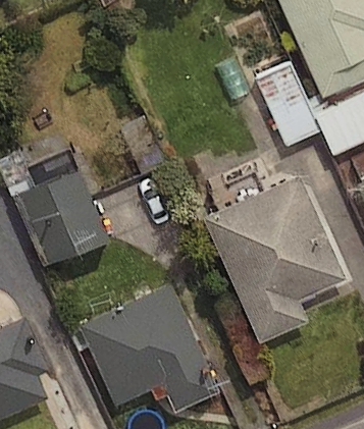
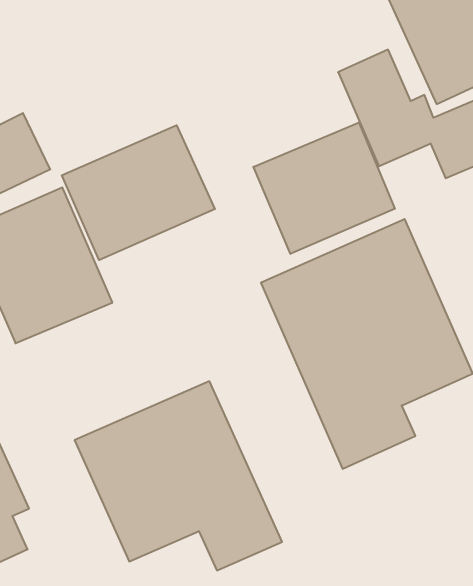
building: none -> [253,122,395,254]
building: none -> [62,125,215,260]

